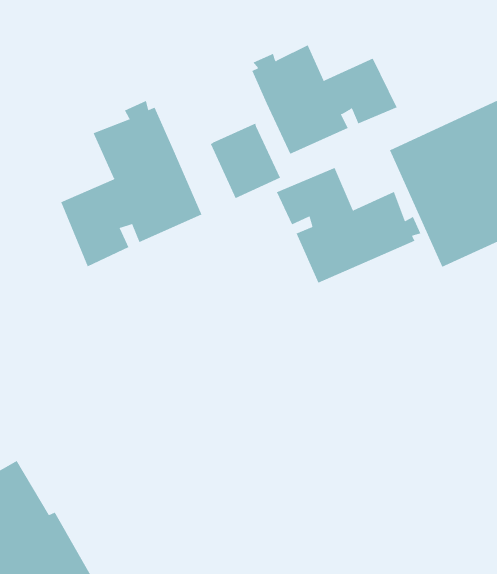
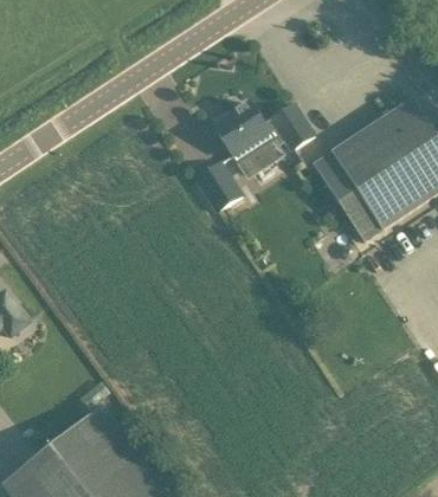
building: [60,100,202,267] -> none
building: [276,167,421,284] -> none

